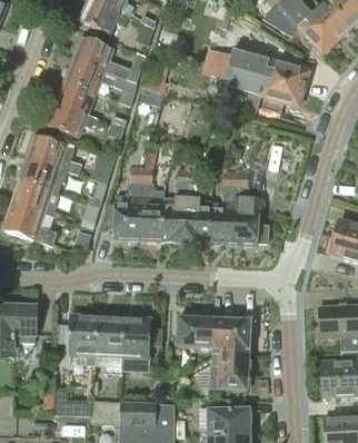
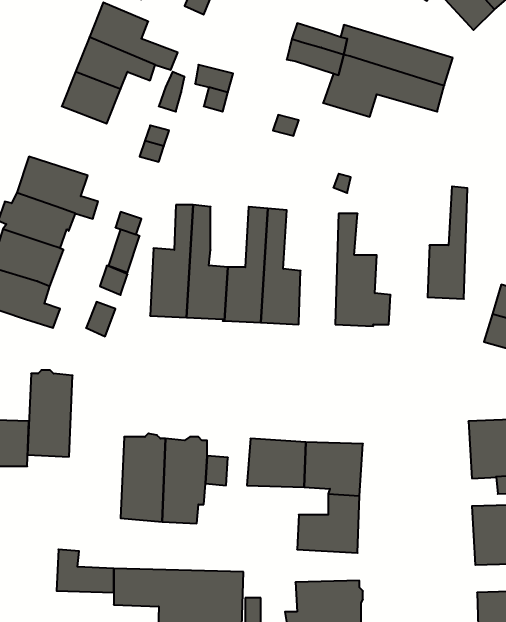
building: [49,102,99,136] -> none
building: [210,170,236,243] -> [428,186,467,299]
building: [69,312,98,367] -> [28,370,73,457]

